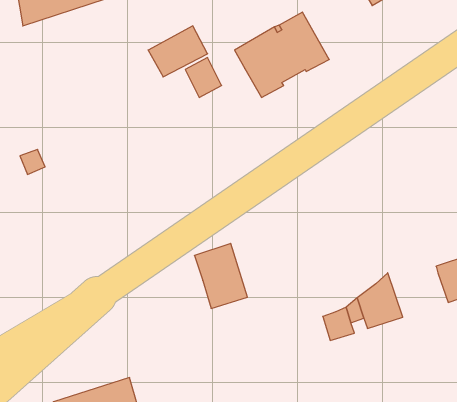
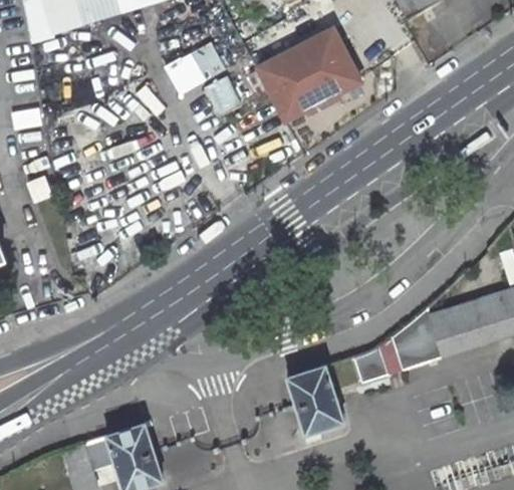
building: [194,243,247,308] -> [287,364,344,435]
building: none -> [432,309,490,357]

